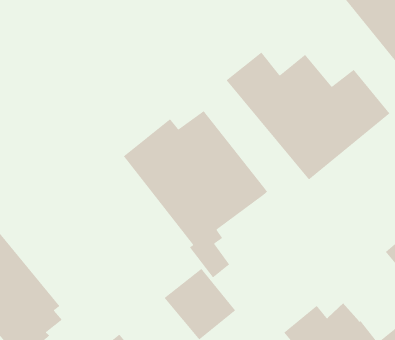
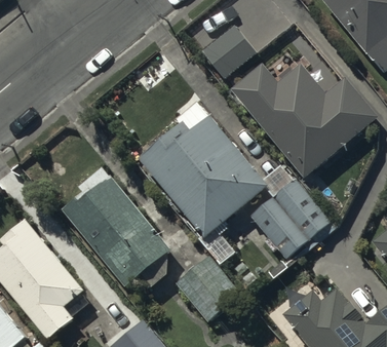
building: none -> [201,25,257,79]
building: none -> [62,167,169,285]
building: none -> [254,167,336,263]

